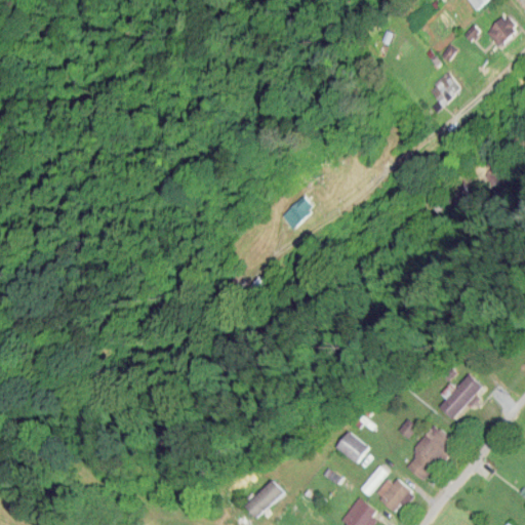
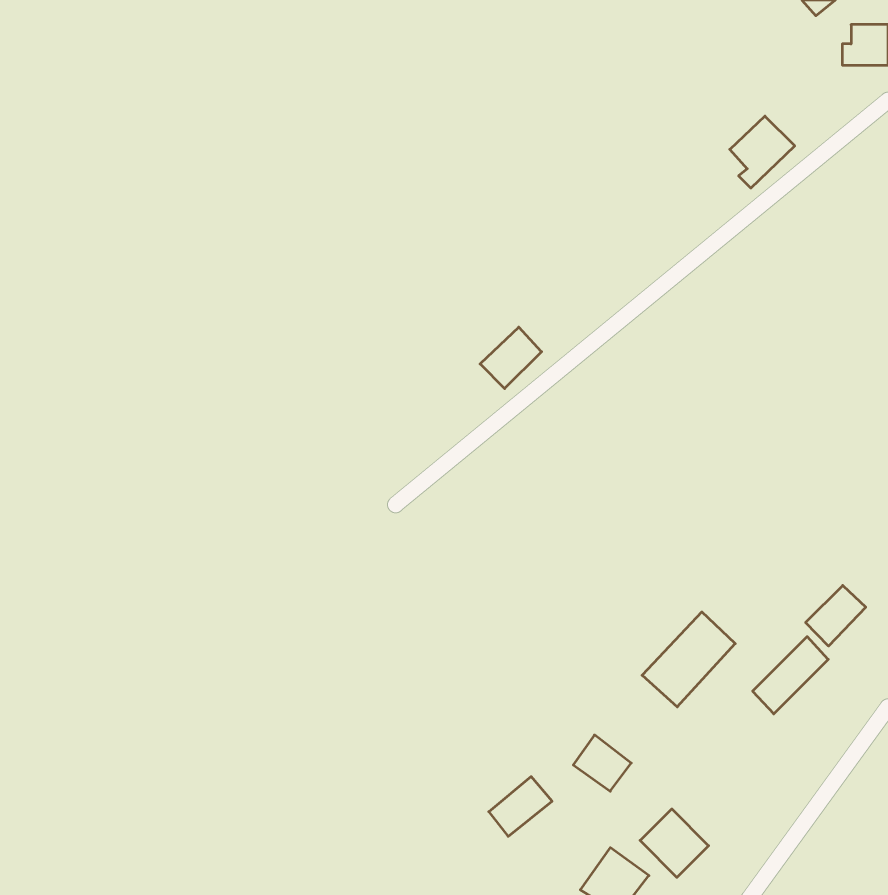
building: none -> [806,585,866,646]
building: [401,426,455,481] -> [642,612,735,707]
building: [245,484,282,519] -> [489,777,552,836]

